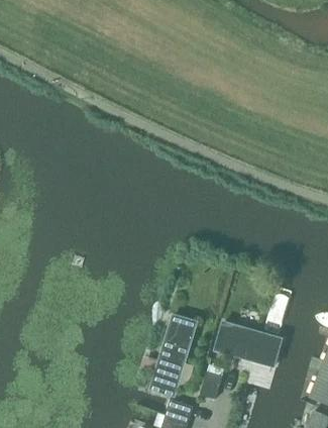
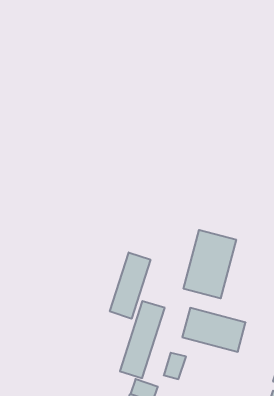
building: none -> [184,230,236,298]
building: none -> [110,252,150,319]

